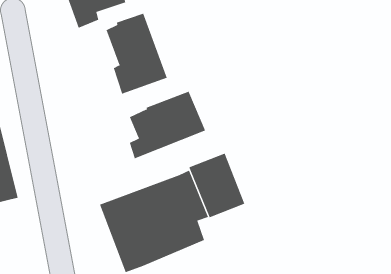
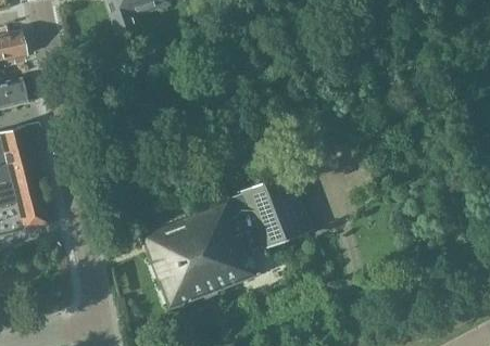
building: [106,13,167,94] -> none
building: [129,91,206,159] -> none

